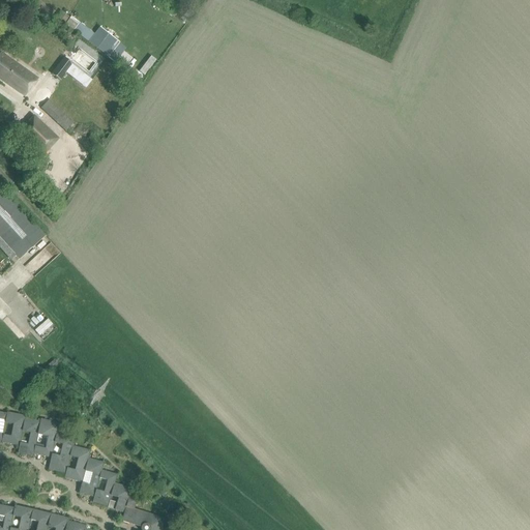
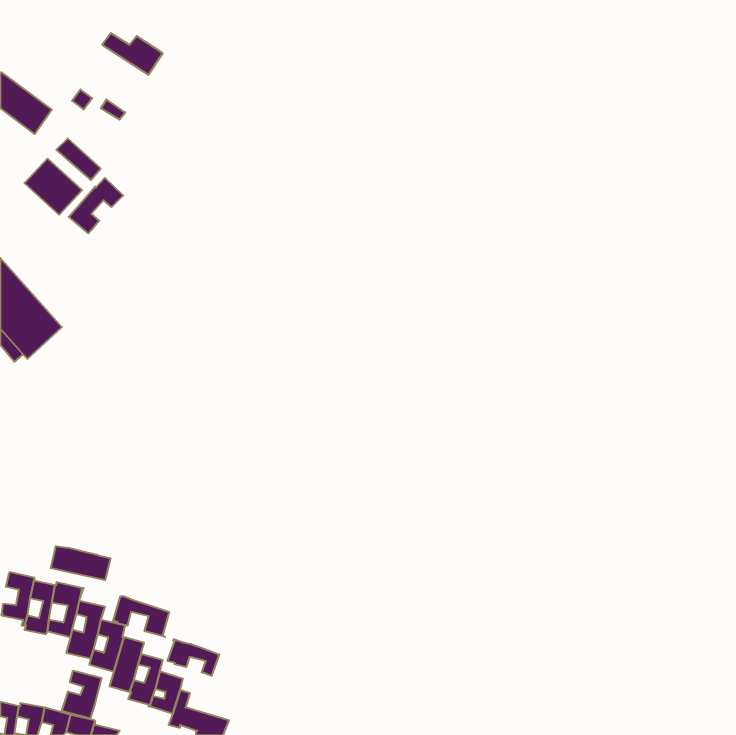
building: none -> [69,178,123,233]
building: none -> [51,546,110,580]
building: none -> [113,596,169,637]
building: none -> [168,639,219,676]
building: none -> [62,671,101,719]

